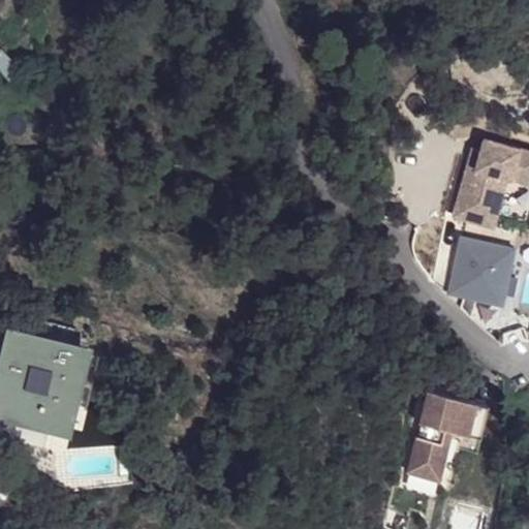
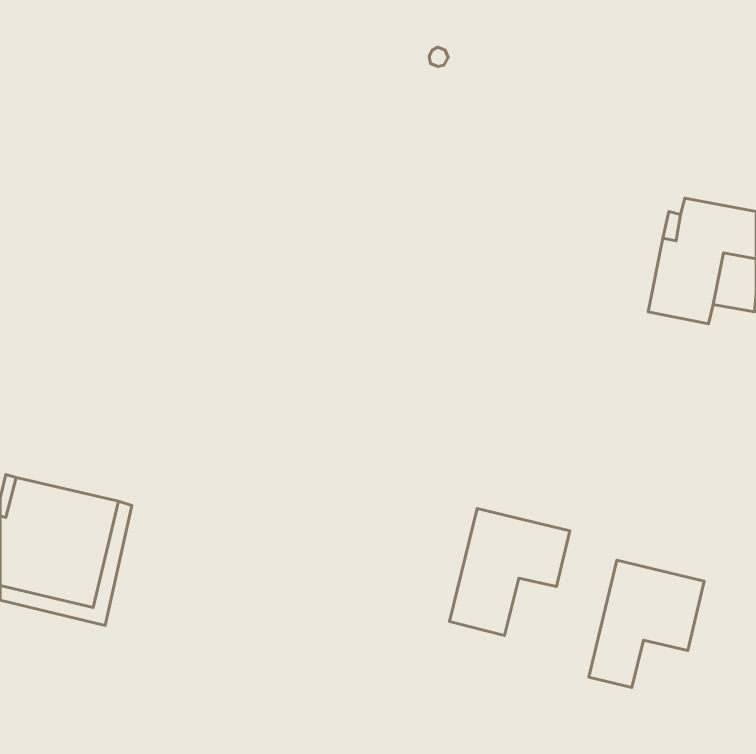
building: [446,236,515,304] -> none
building: none -> [450,509,570,635]

